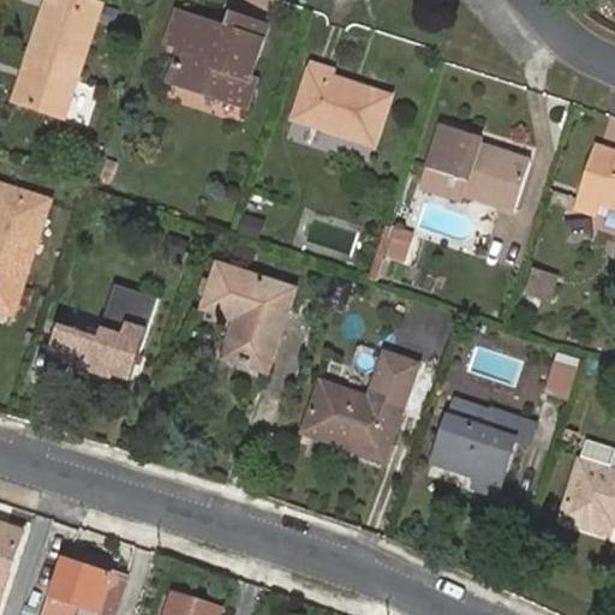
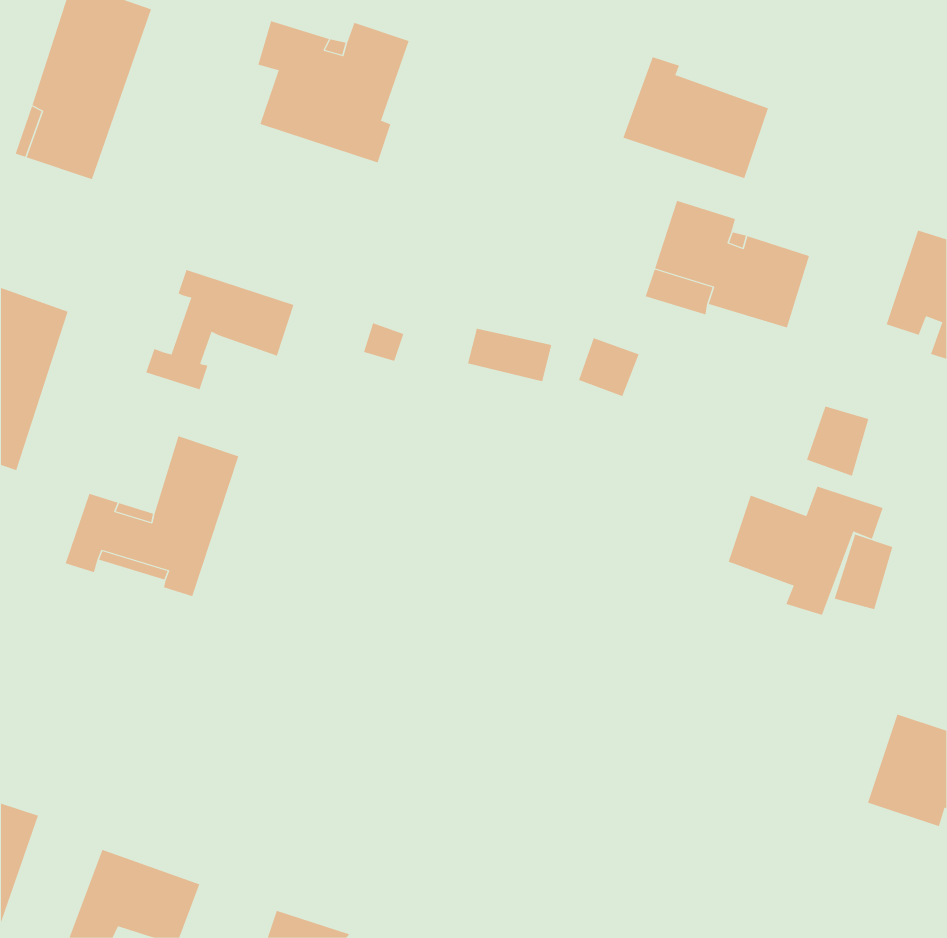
building: [293,64,388,143] -> [622,56,769,179]
building: none -> [146,269,294,390]
building: [207,268,297,374] -> none
building: [300,347,419,462] -> none
building: [436,407,537,491] -> [728,486,884,615]

